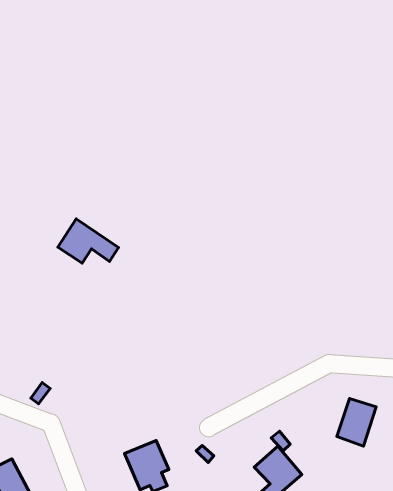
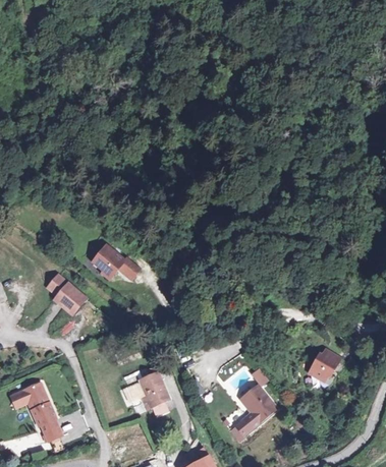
building: [58,219,119,263] -> [89,243,139,280]
building: none -> [46,274,90,319]

